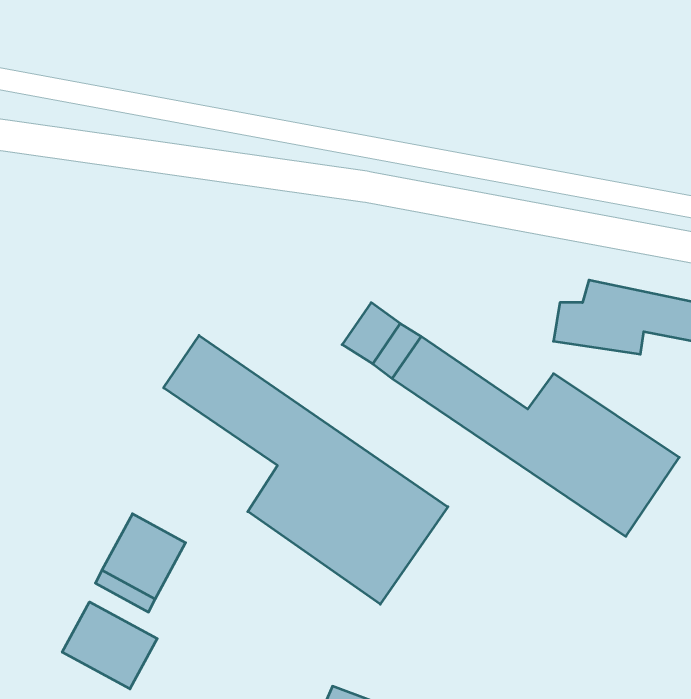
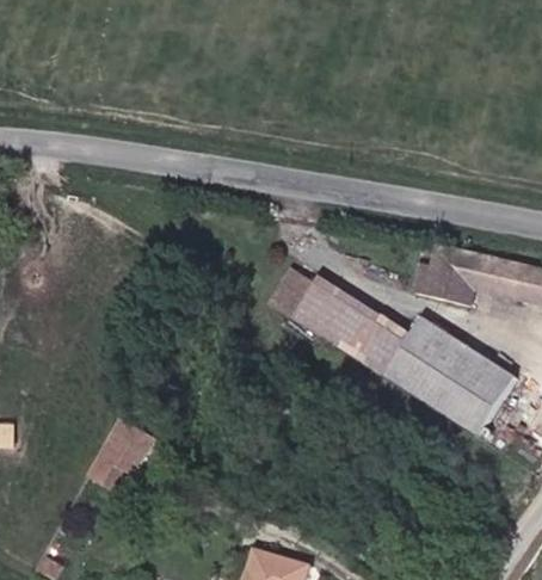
building: [164,335,448,604] -> none
building: [62,602,157,689] -> none

